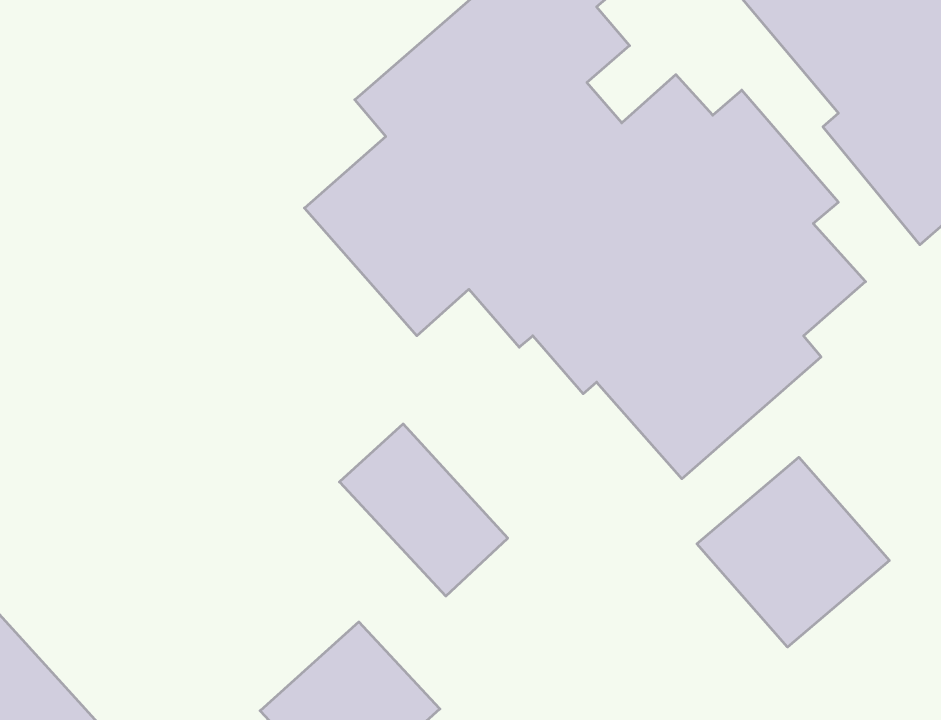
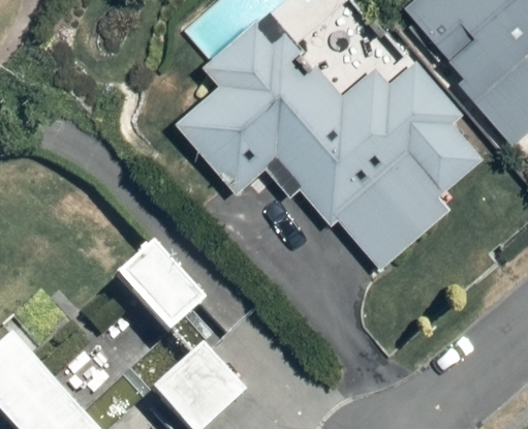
building: [339,424,508,596] -> [119,248,209,340]
building: [697,457,889,647] -> none

